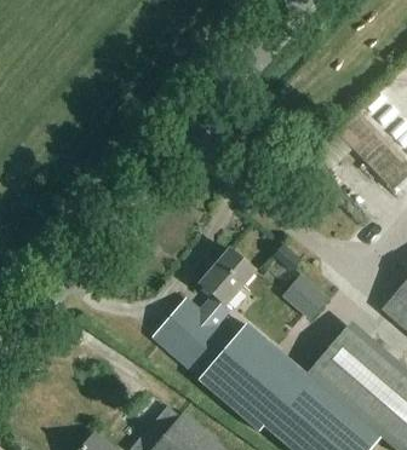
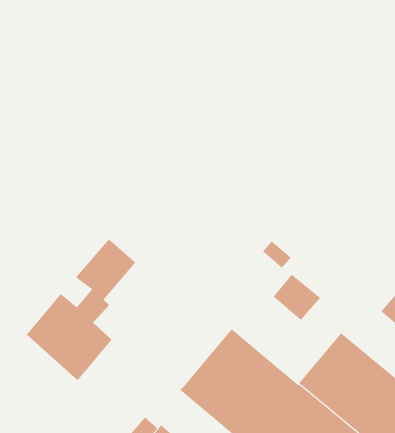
building: [155,249,256,379] -> [26,238,136,381]

